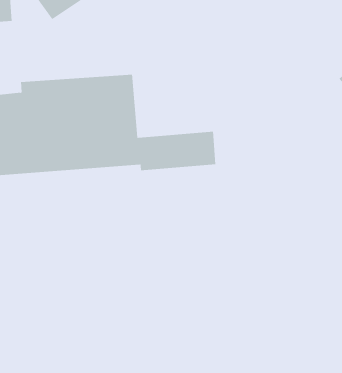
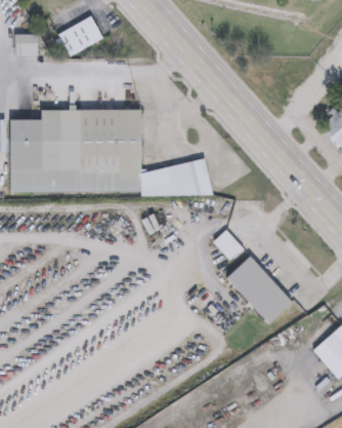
building: none -> [213,230,244,261]
building: none -> [226,256,292,323]

